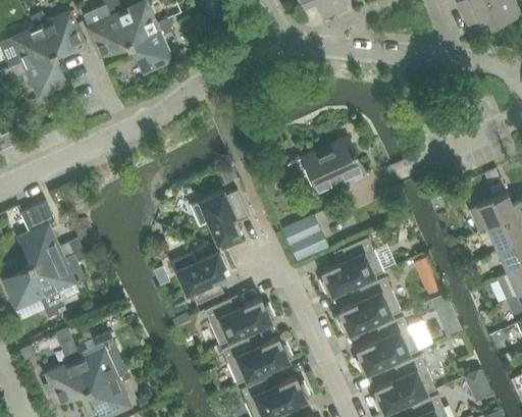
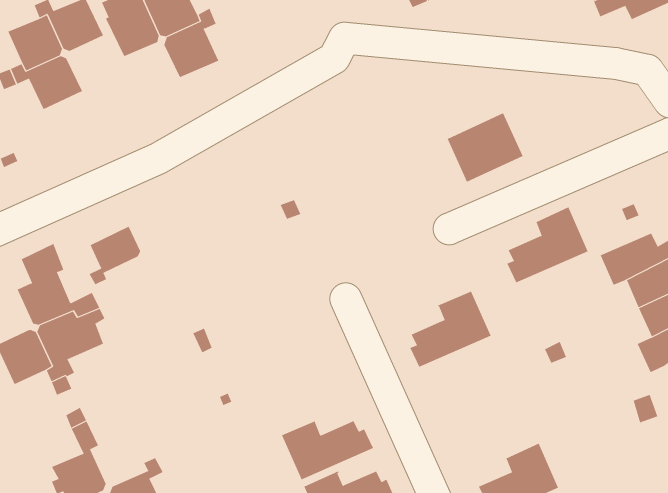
building: [303,138,362,192] -> [447,112,523,182]
building: none -> [89,226,141,285]
building: [191,190,249,244] -> none
building: [282,215,328,261] -> none
building: [172,252,225,304] -> none
building: [337,276,401,335] -> [507,207,589,283]
building: [204,298,275,345] -> none
building: [355,315,418,375] -> none
building: [74,342,124,388] -> none

